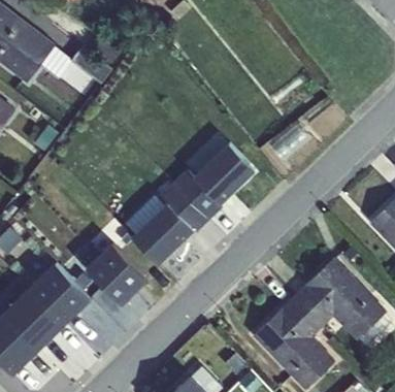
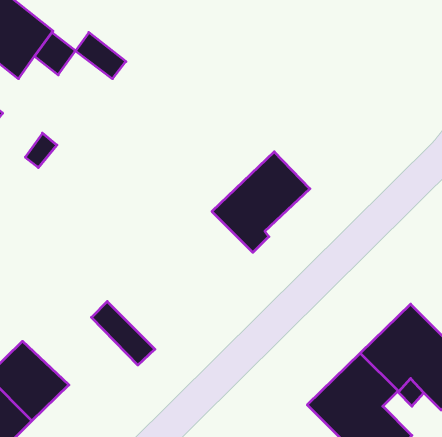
building: [128,186,210,263] -> none
building: [97,241,149,293] -> none
building: [31,265,89,321] -> none

